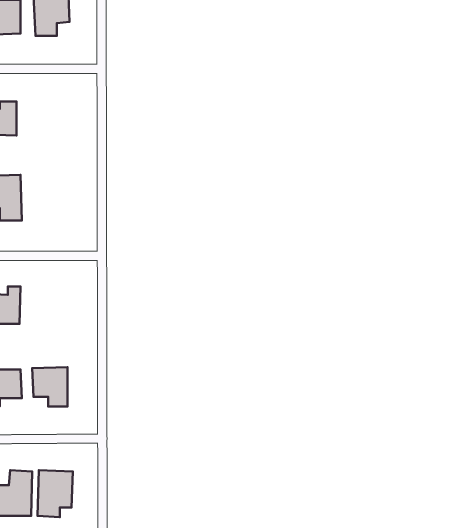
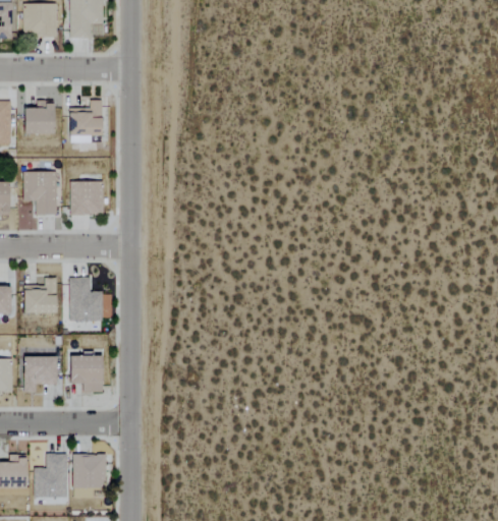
building: none -> [68,101,103,136]
building: none -> [70,181,104,215]
building: none -> [69,278,103,322]

